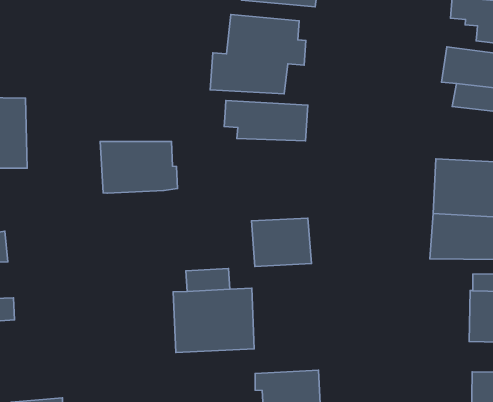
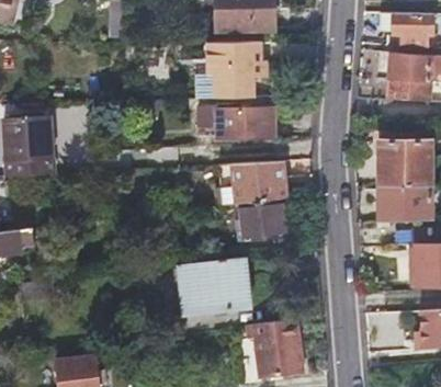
building: [100,141,178,193] -> [226,157,291,202]

